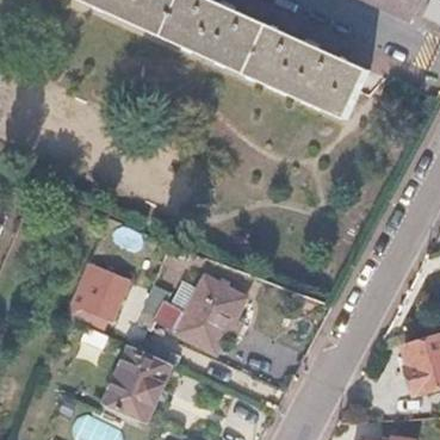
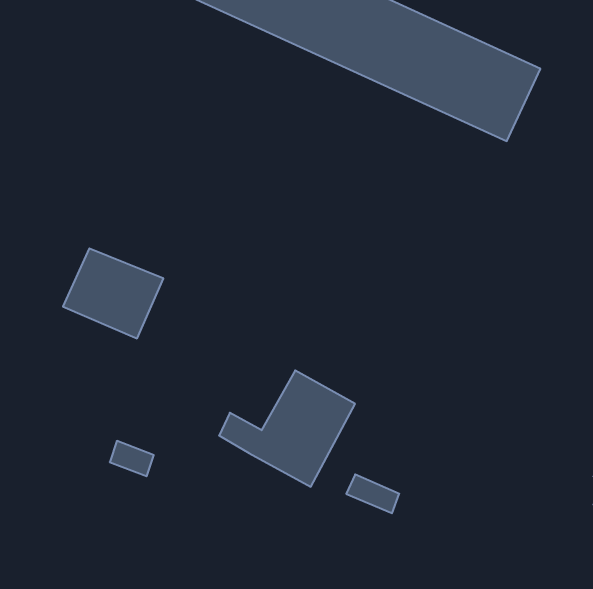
building: [68,261,136,322] -> [63,248,163,338]
building: [105,348,168,417] -> none

